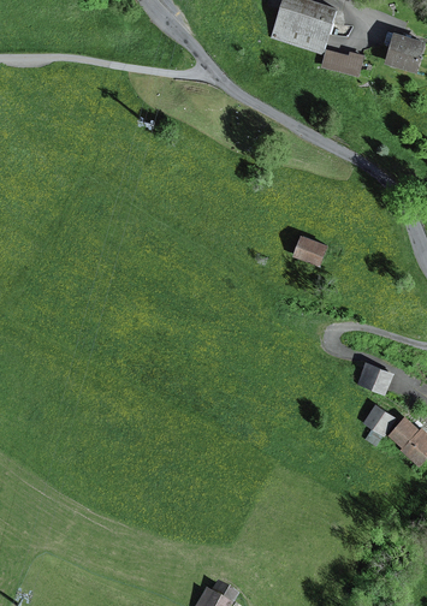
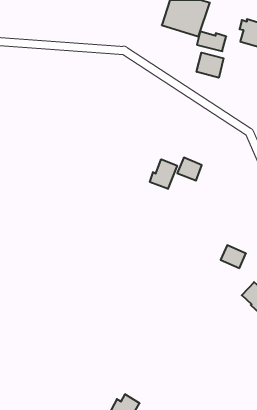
building: none -> [197,53,224,78]
building: none -> [150,159,177,189]
building: [362,403,397,436] -> none

